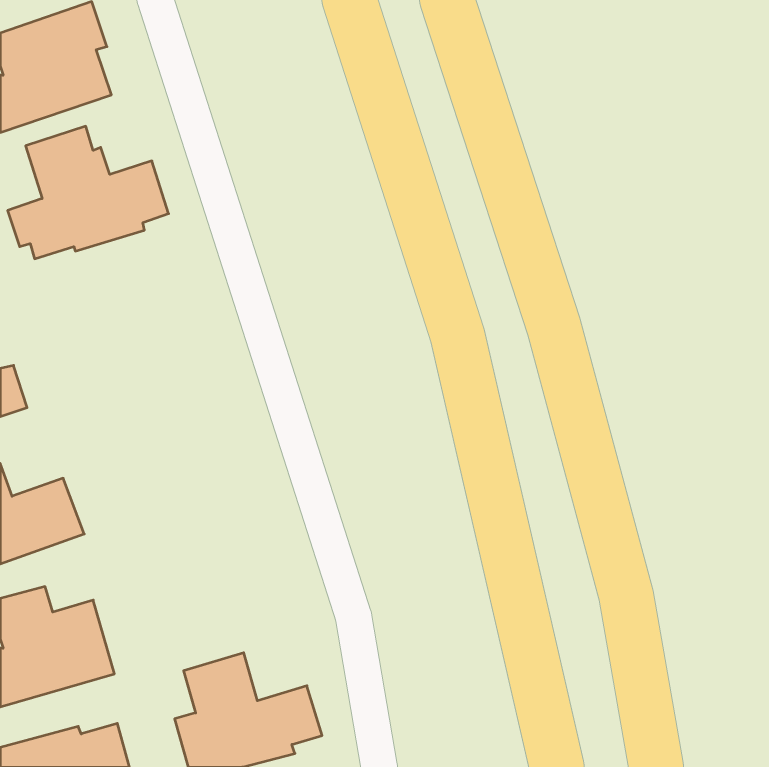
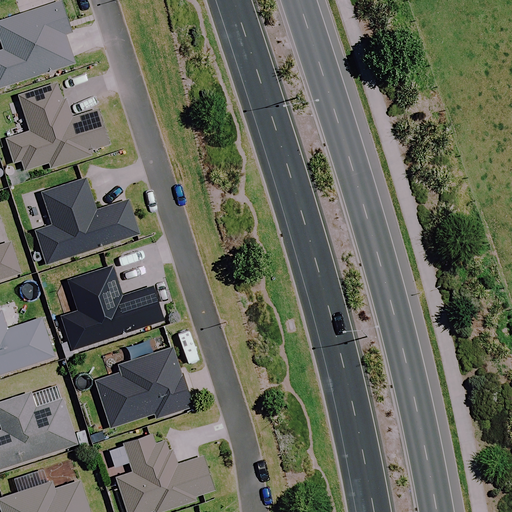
building: none -> [35,178,137,263]
building: none -> [61,266,164,352]
building: none -> [94,347,190,428]

